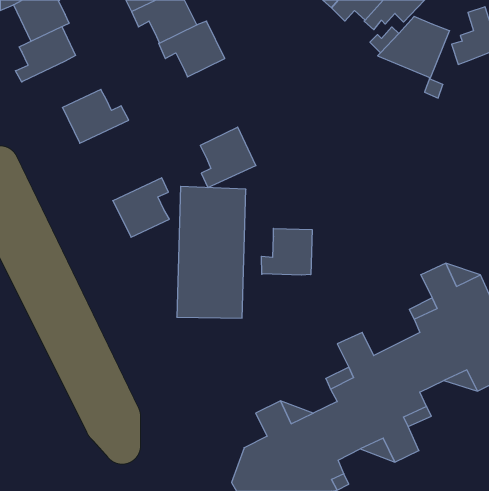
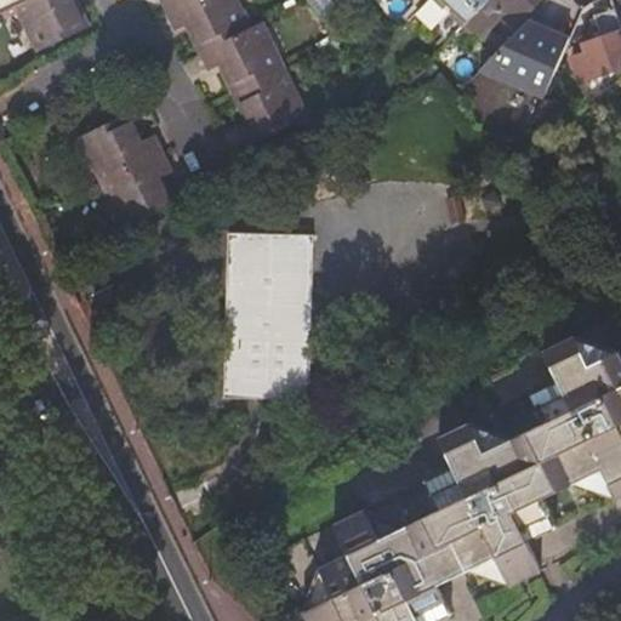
building: [15,27,76,82] -> none
building: [200,127,256,188] -> [239,74,309,150]
building: [113,178,169,237] -> [103,152,175,227]
building: [262,228,312,275] -> none

